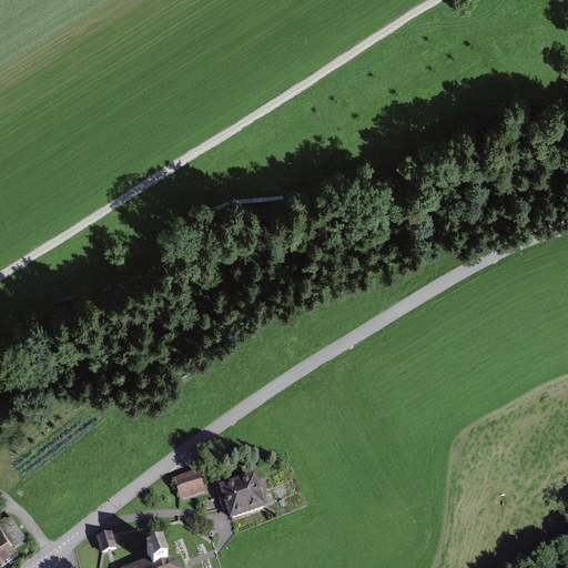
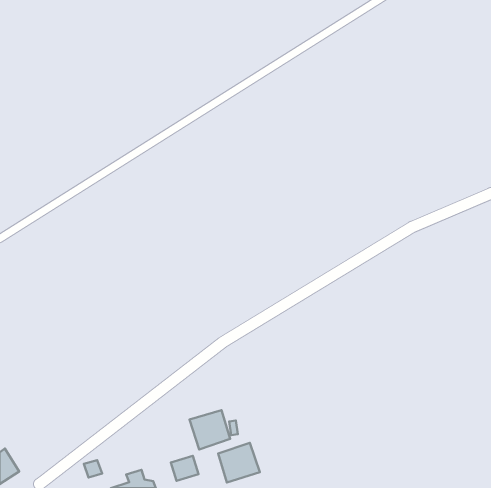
building: [173,468,205,497] -> [171,456,199,481]
building: none -> [218,443,260,483]

